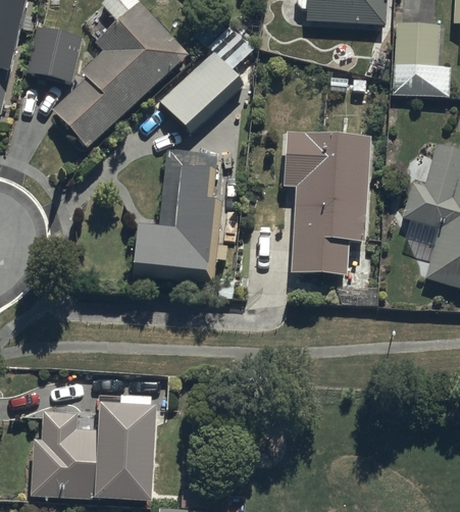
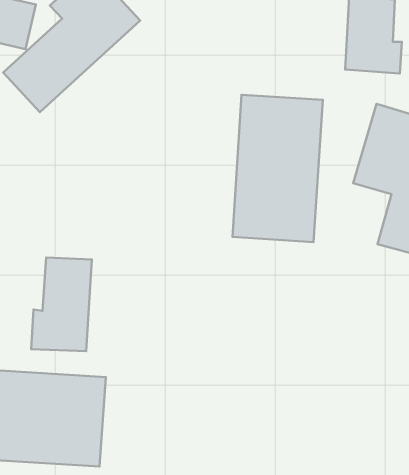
building: [155,56,244,144] -> none
building: [134,161,223,278] -> none
building: none -> [31,257,92,351]

